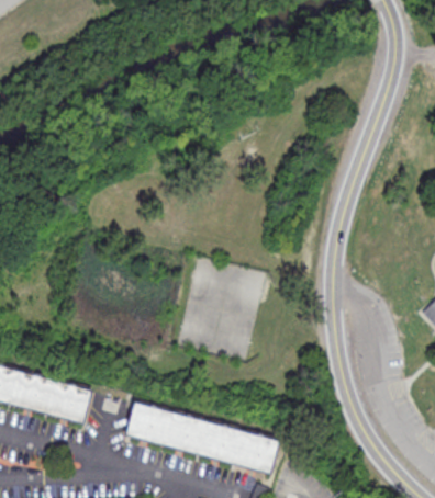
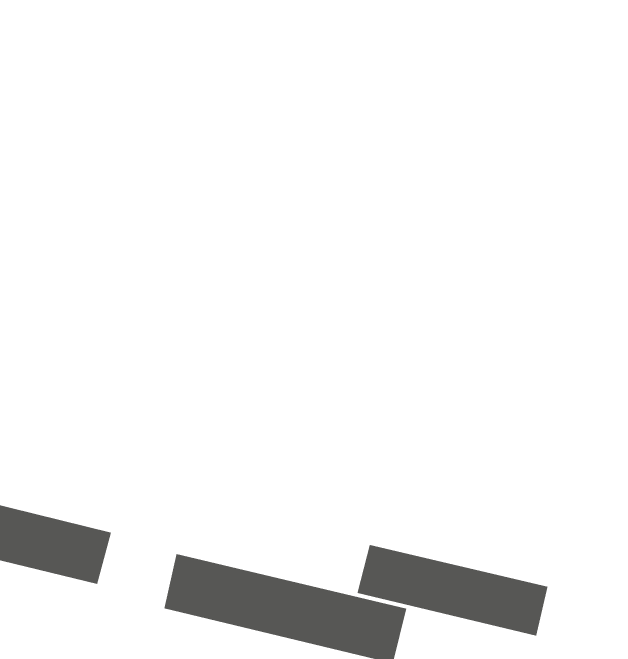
building: none -> [357,544,548,636]

